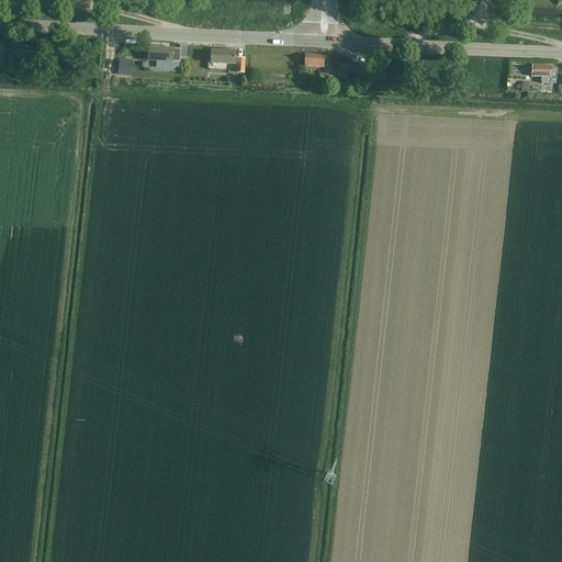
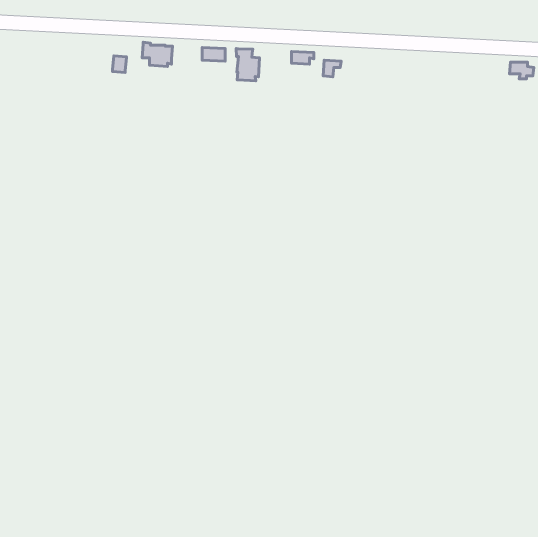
building: none -> [236,49,259,81]

